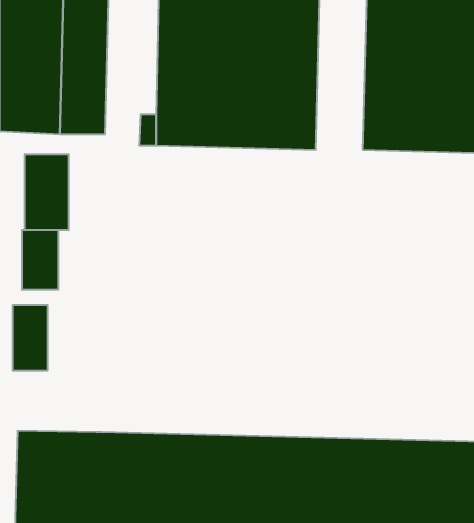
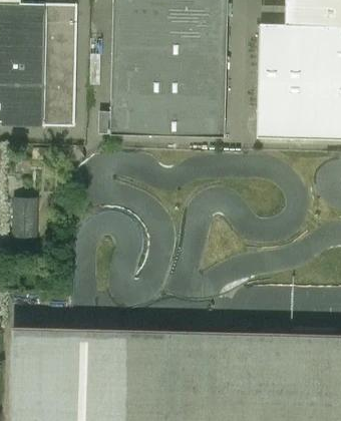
building: [25,154,69,230] -> none
building: [13,305,48,371] -> none

